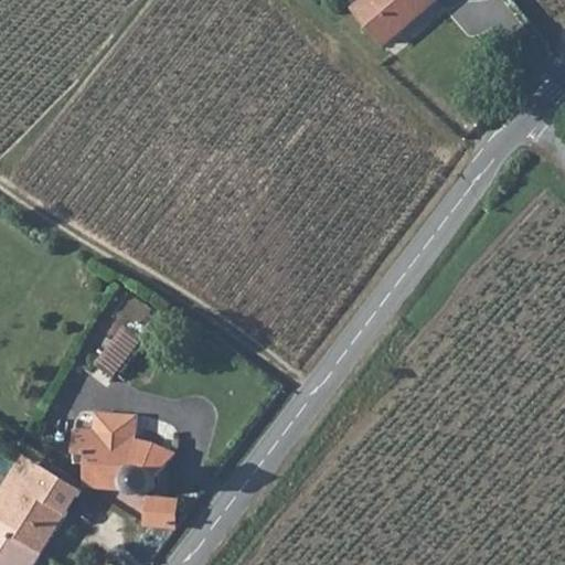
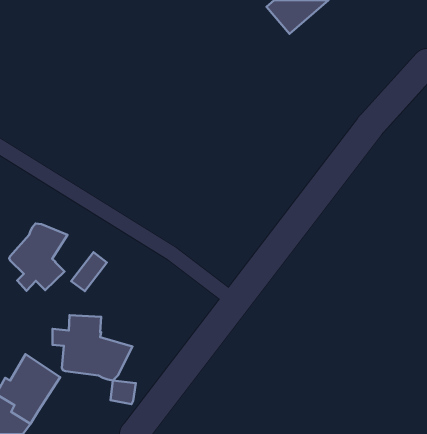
building: none -> [9,224,67,291]

